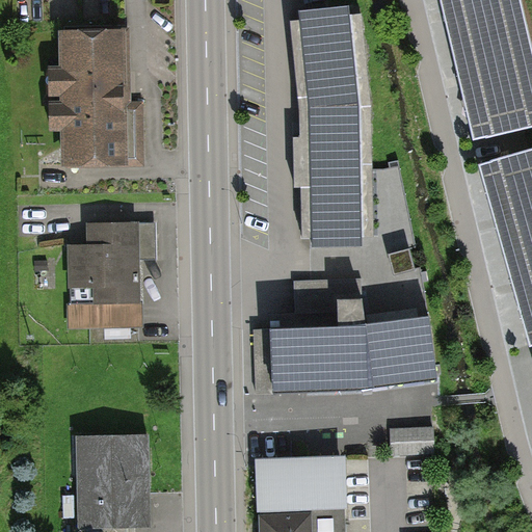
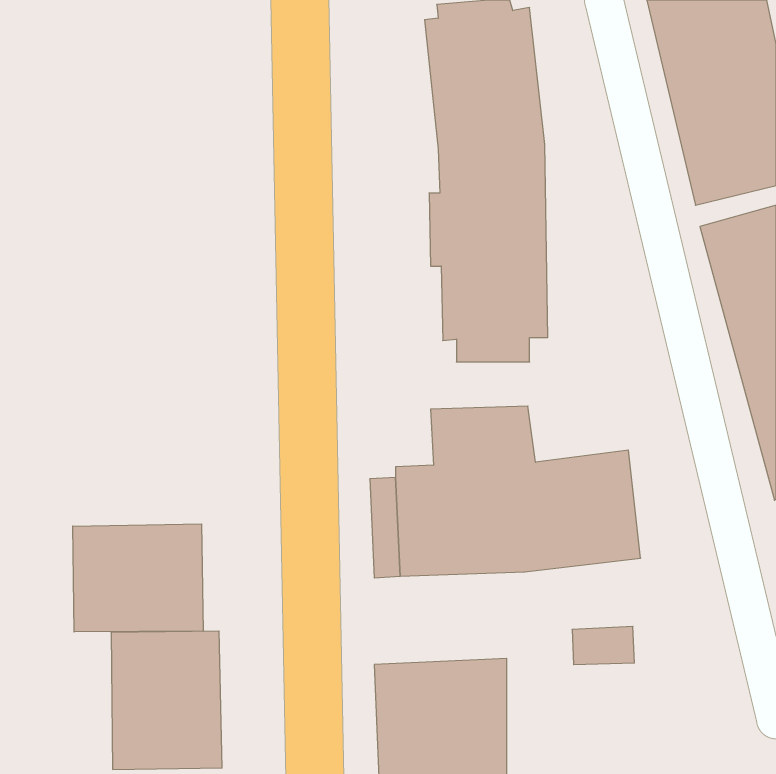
building: [48,26,144,170] -> none
building: [68,219,158,328] -> none
building: none -> [73,524,203,632]

